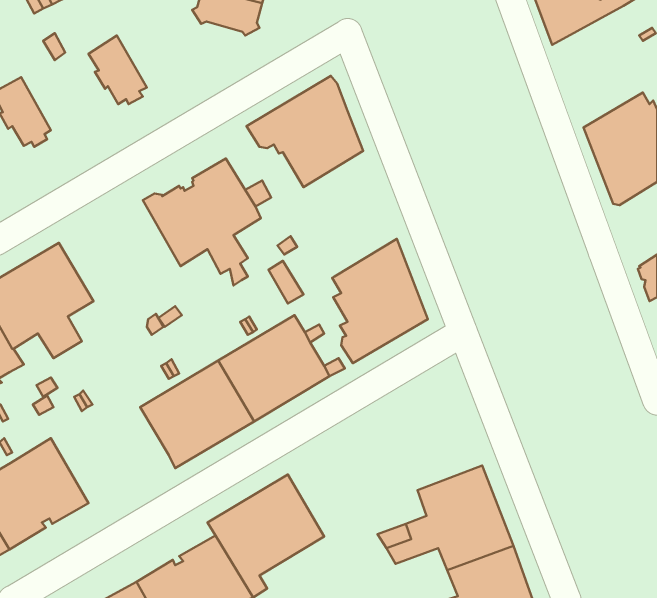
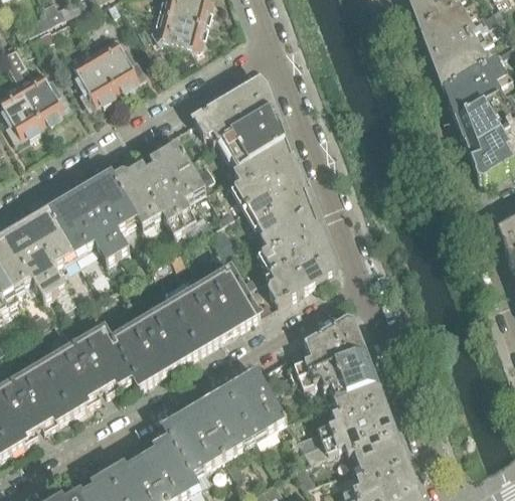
building: none -> [431,23,506,118]
building: none -> [93,34,137,88]
building: none -> [18,66,63,121]
building: none -> [233,136,310,233]
building: none -> [47,170,137,259]
building: none -> [285,316,376,399]
building: none -> [41,324,133,409]
building: none -> [225,368,285,436]

